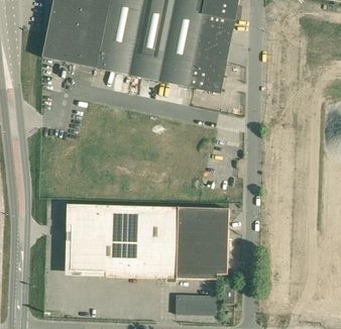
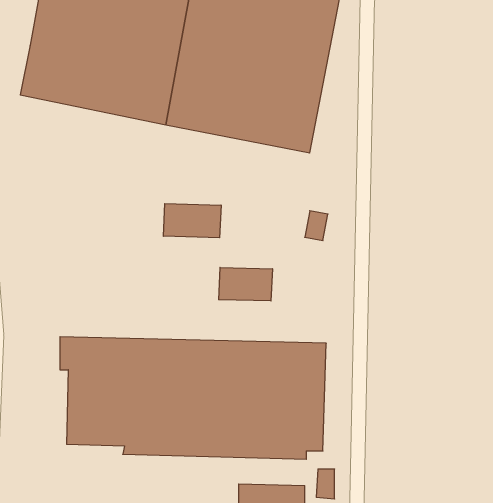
building: none -> [163,204,221,238]
building: none -> [219,267,272,301]

